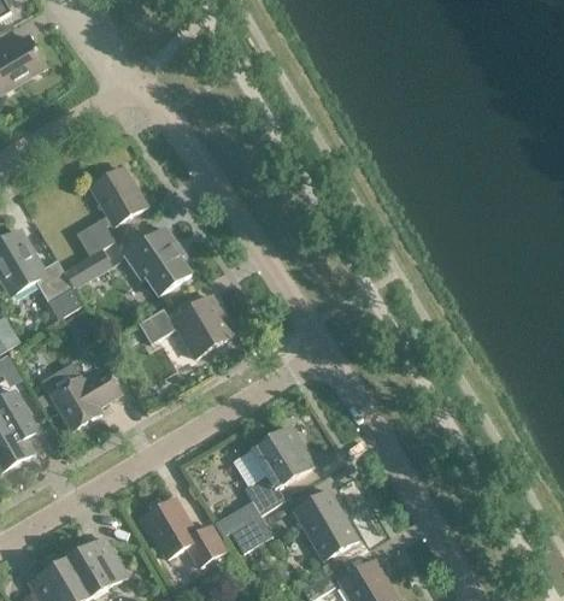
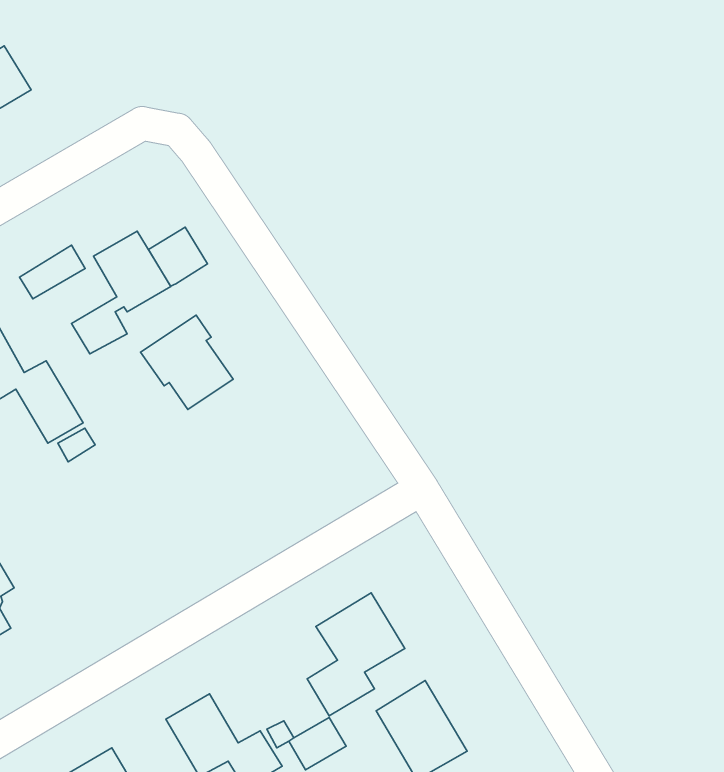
building: none -> [148,227,208,286]
building: [64,248,111,287] -> [19,245,85,299]
building: [137,295,234,357] -> none
building: [42,363,121,429] -> none

